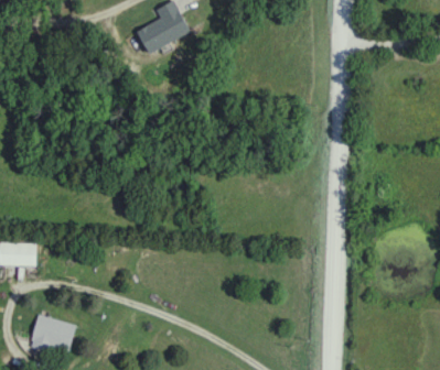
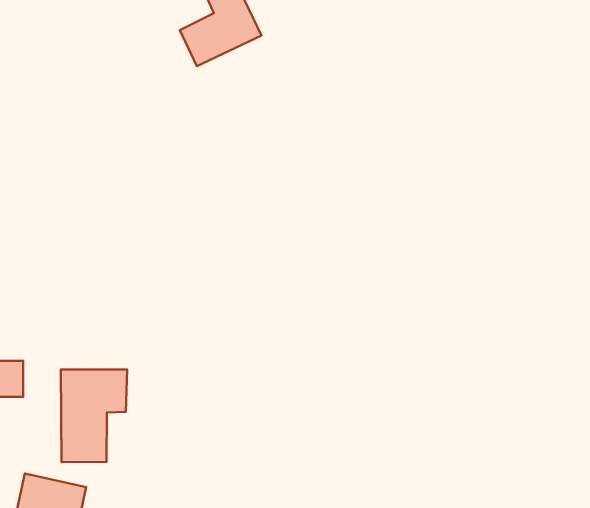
building: none -> [61,370,127,462]

